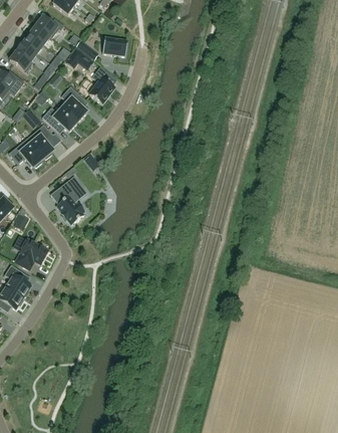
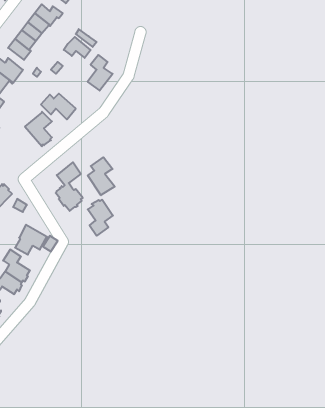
building: [102,37,127,56] -> none
building: [60,86,87,122] -> none
building: [9,140,43,168] -> none
building: none -> [88,157,115,195]
building: none -> [88,200,113,236]

